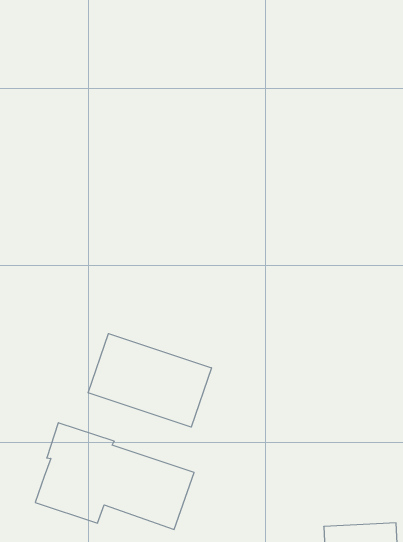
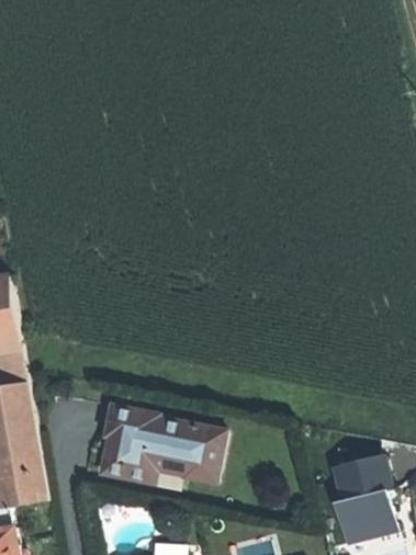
building: [88,334,211,427] -> none

